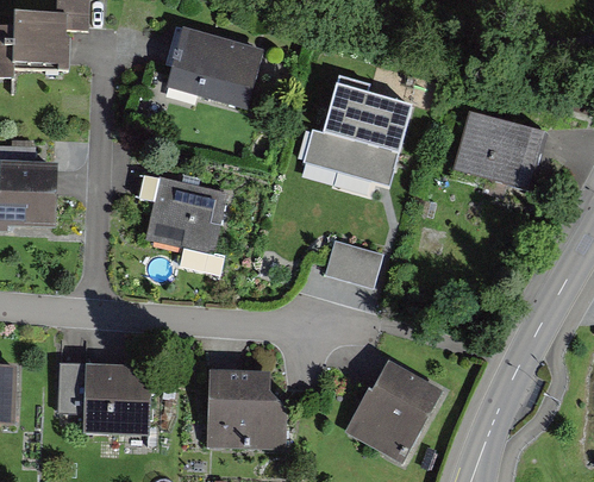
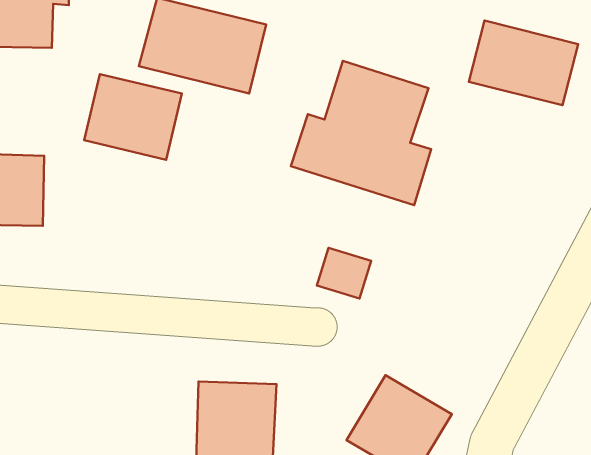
building: [448,111,548,188] -> [469,21,578,105]
building: [142,176,231,255] -> [84,74,182,160]
building: [77,362,146,433] -> none

